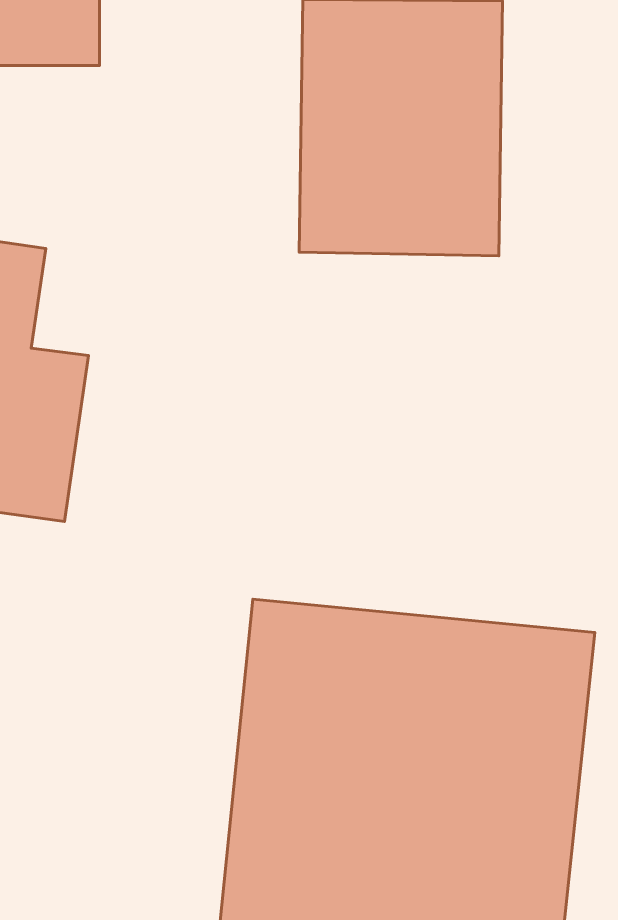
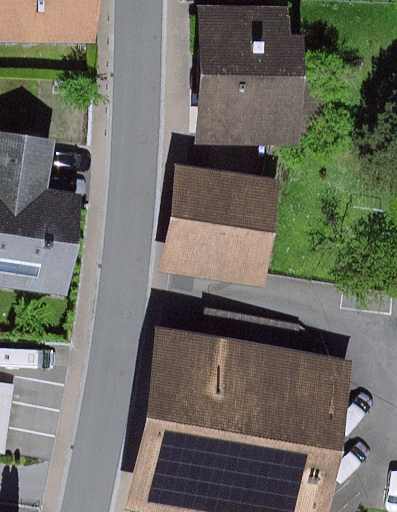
building: none -> [160,167,288,272]

